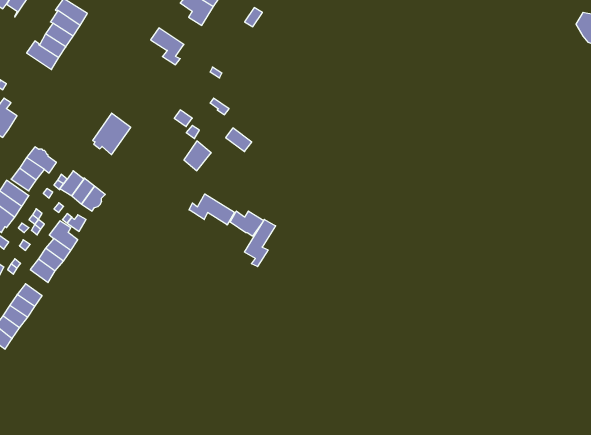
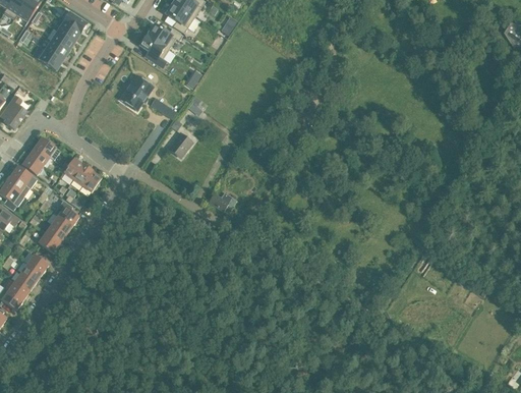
building: none -> [148,23,183,49]
building: [93,113,131,155] -> [120,74,153,110]
building: [189,194,234,225] -> none
building: [244,219,276,267] -> none

